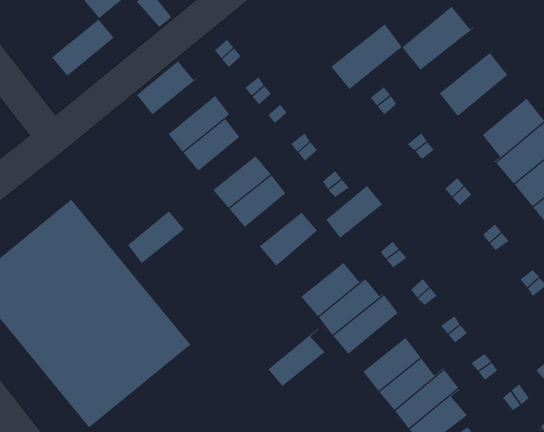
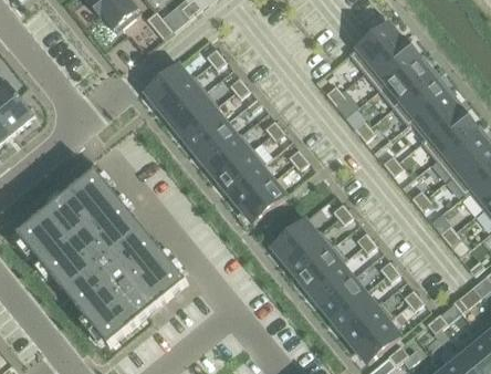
building: [51,19,115,76] -> [157,75,206,120]
building: [330,24,402,90] -> [363,38,418,89]
building: none -> [391,74,445,124]
building: [325,185,383,239] -> [228,165,272,206]
building: [127,210,185,264] -> [192,122,237,163]
building: [268,328,325,387] -> [307,257,352,302]

